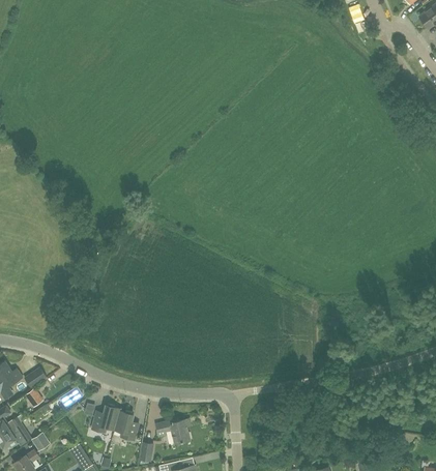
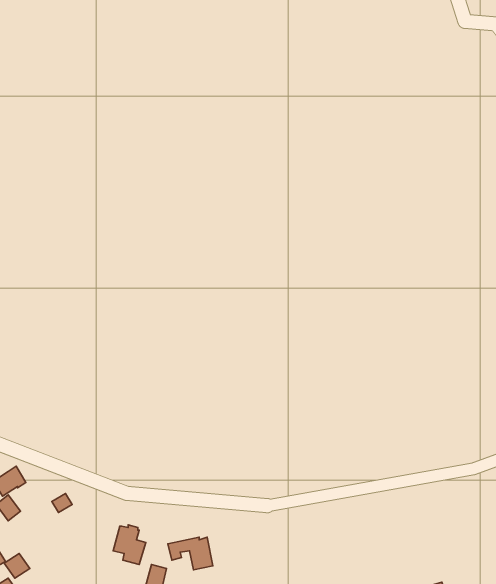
building: [91,404,119,433] -> none

